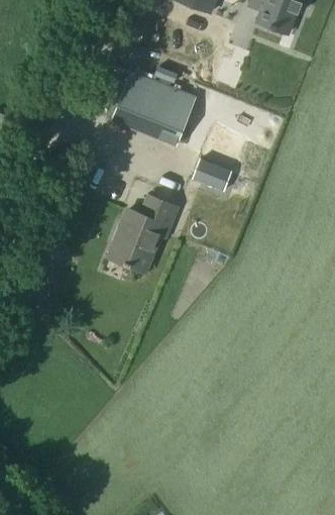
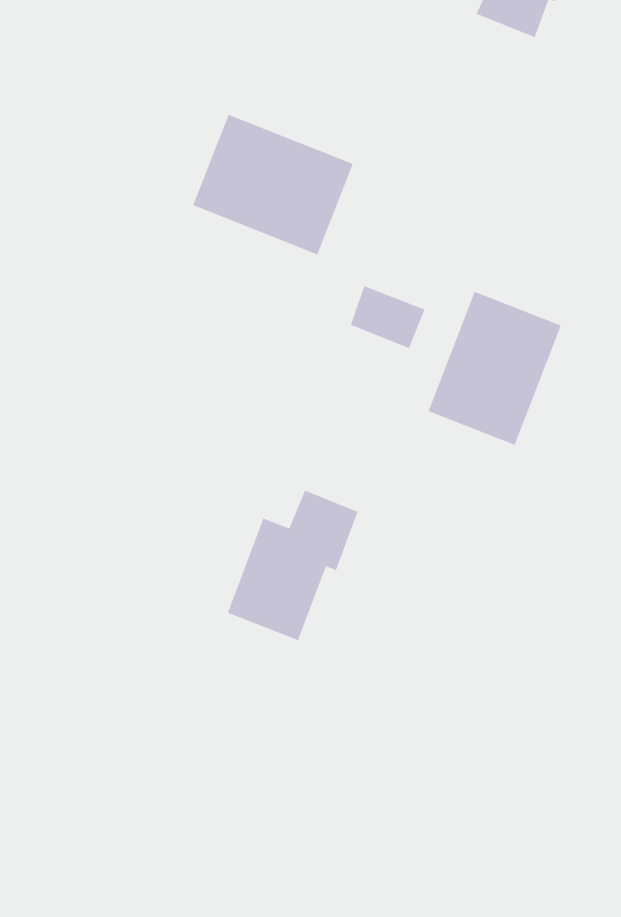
building: none -> [427,291,562,446]
building: [110,194,177,271] -> [227,490,359,641]

